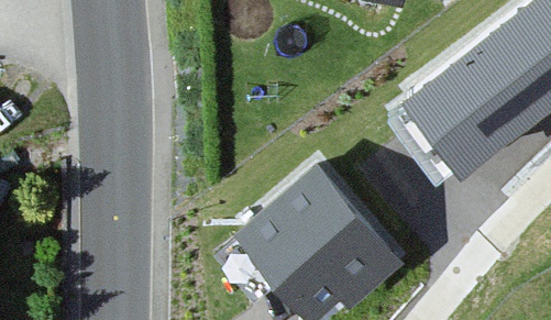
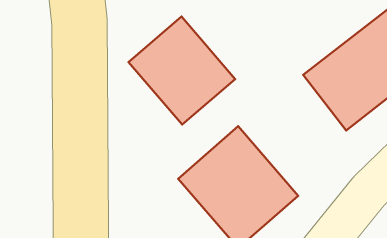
building: none -> [128,17,235,125]

